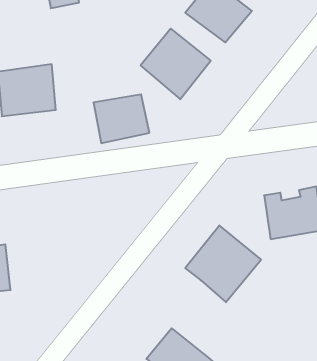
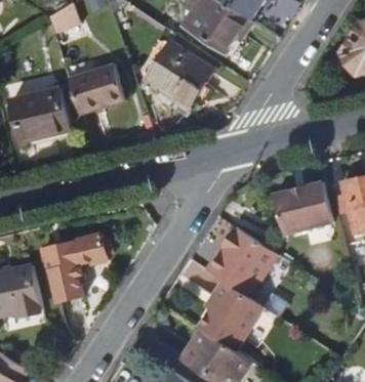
building: [93,94,149,143] -> [68,67,124,117]
building: none -> [40,235,105,301]
building: none -> [198,280,263,351]

